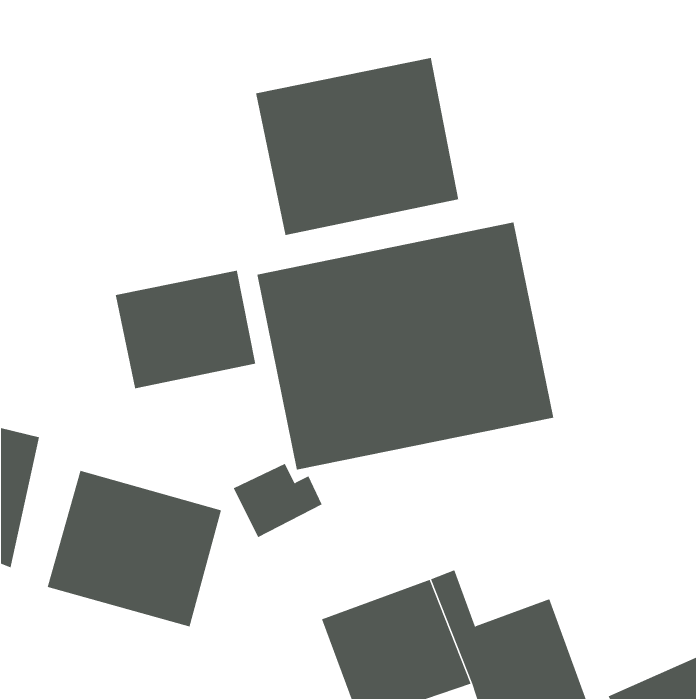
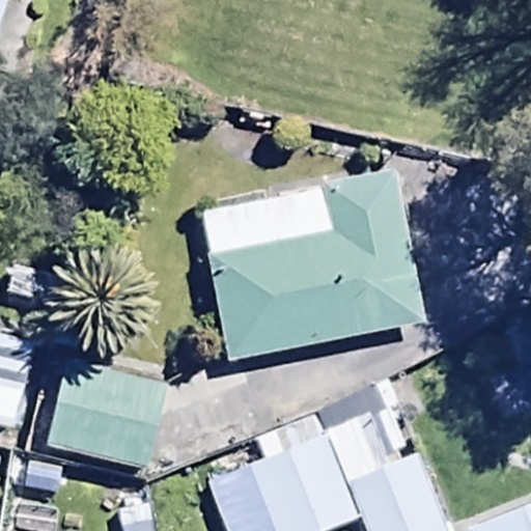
building: [256,57,459,236] -> none
building: [115,270,256,389] -> none

